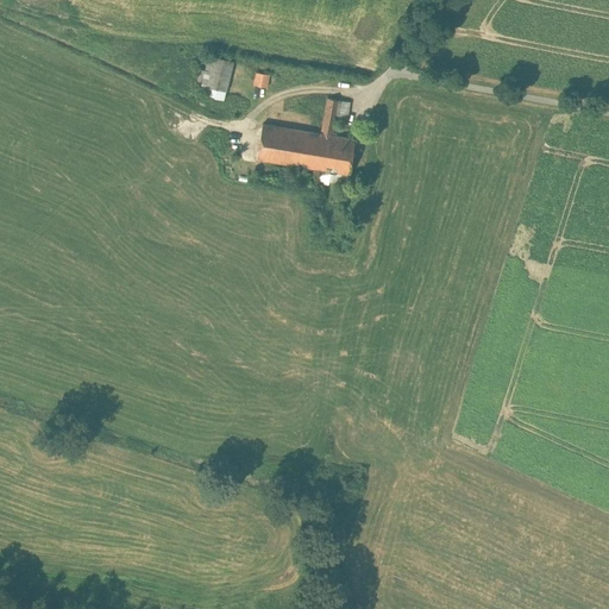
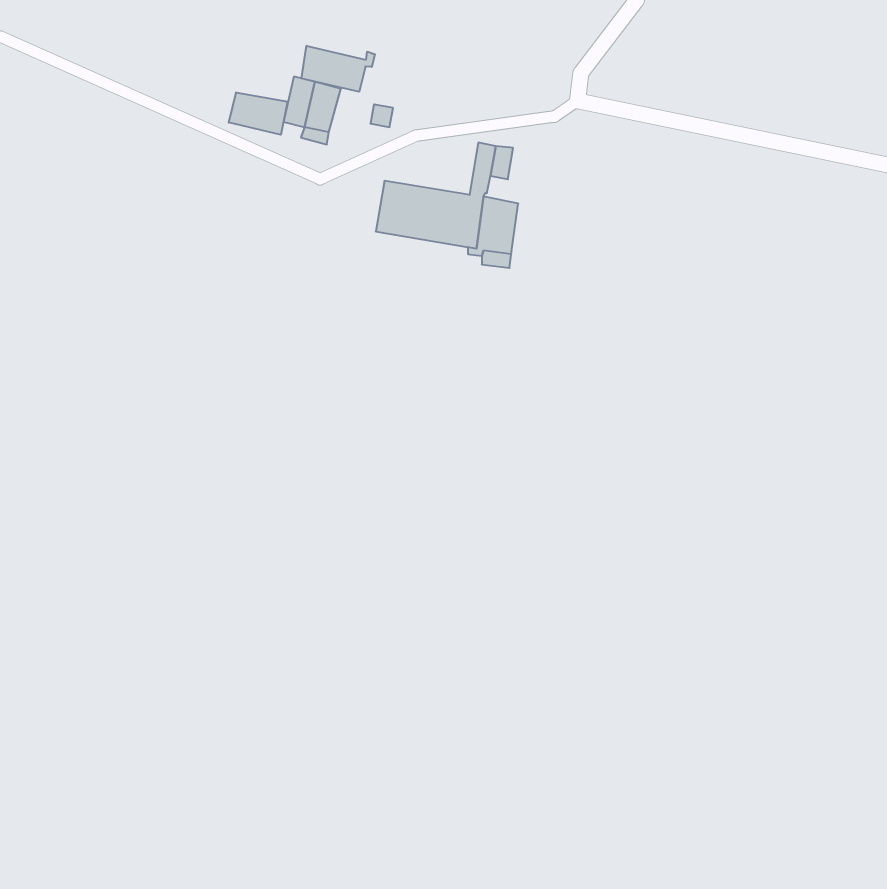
building: none -> [302,46,375,92]
building: none -> [229,92,287,135]

